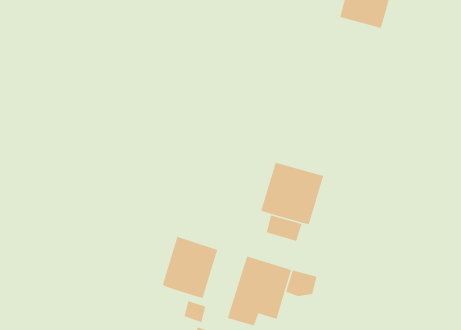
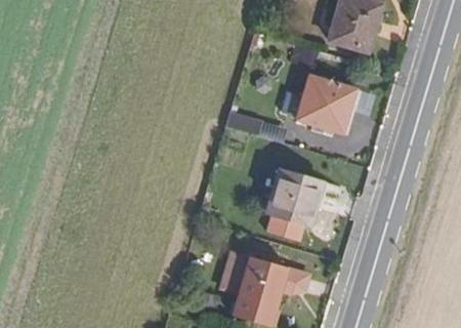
building: none -> [293,75,360,137]
building: [162,236,218,299] -> none

